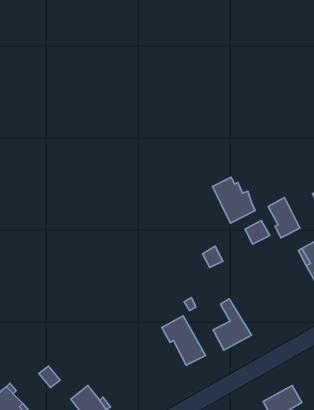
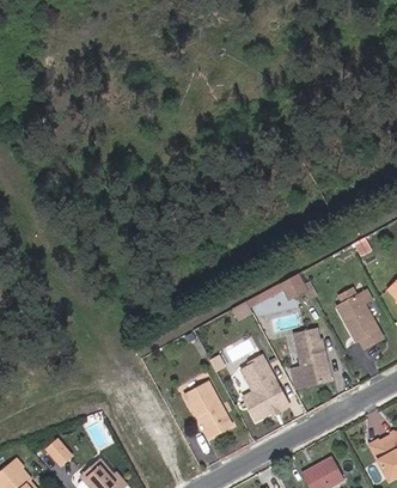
building: [212,177,255,223] -> none
building: [268,197,300,238] -> none
building: none -> [295,340,325,386]

